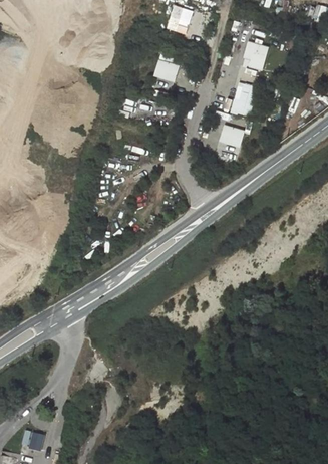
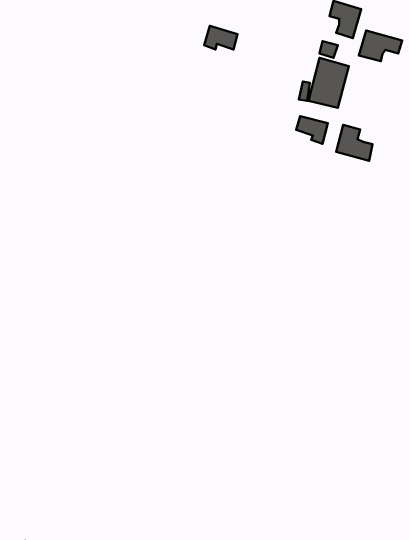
building: none -> [359,31,402,61]
building: none -> [336,125,373,161]

